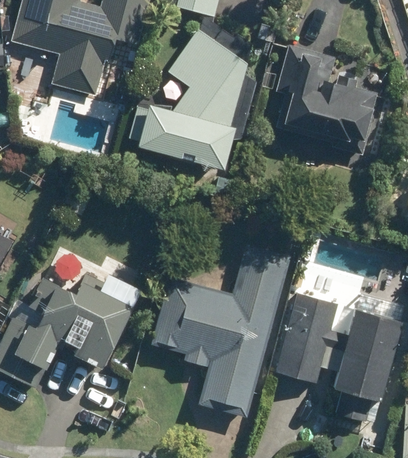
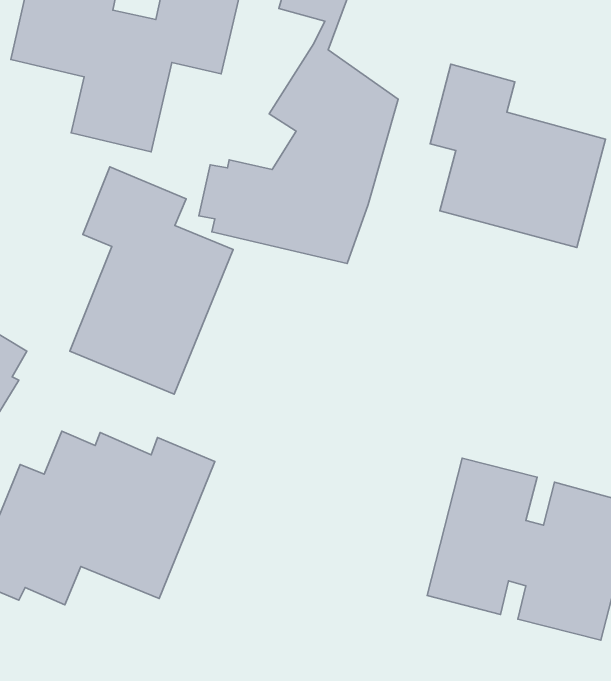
building: none -> [70,167,233,394]
building: [147,248,289,416] -> none

